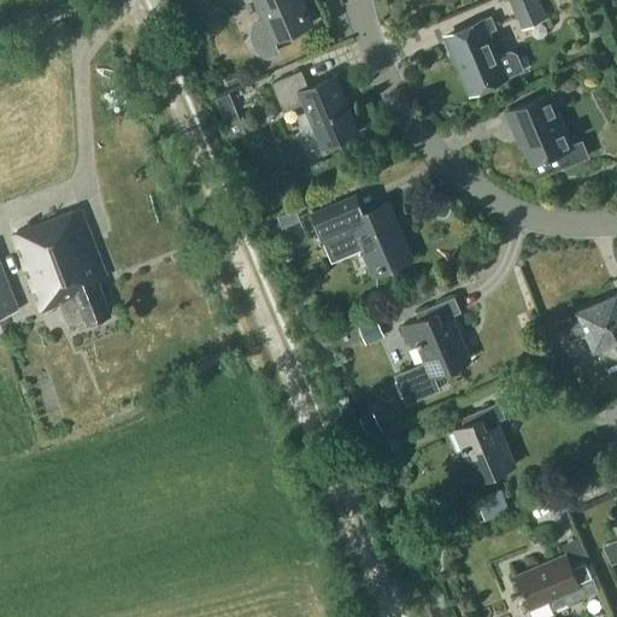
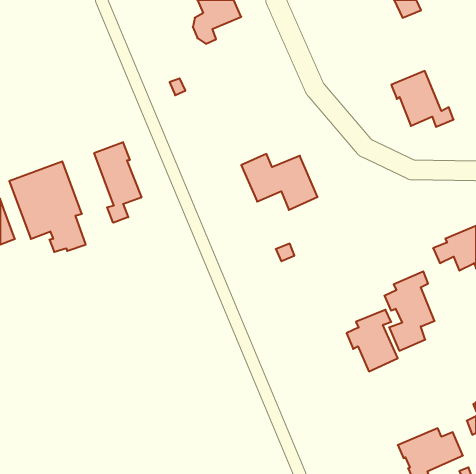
building: [446,19,524,98] -> none
building: [272,72,358,148] -> none
building: none -> [94,142,141,223]
building: [404,298,469,400] -> [384,271,435,351]

